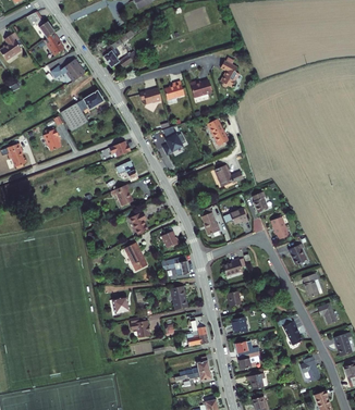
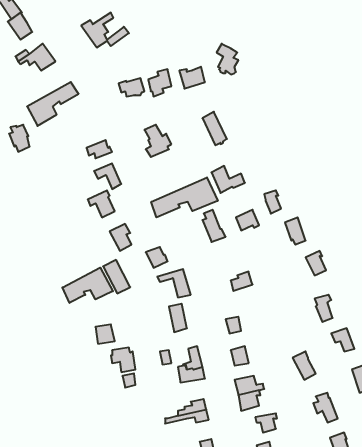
building: none -> [151,177,218,217]
building: none -> [62,268,113,303]

